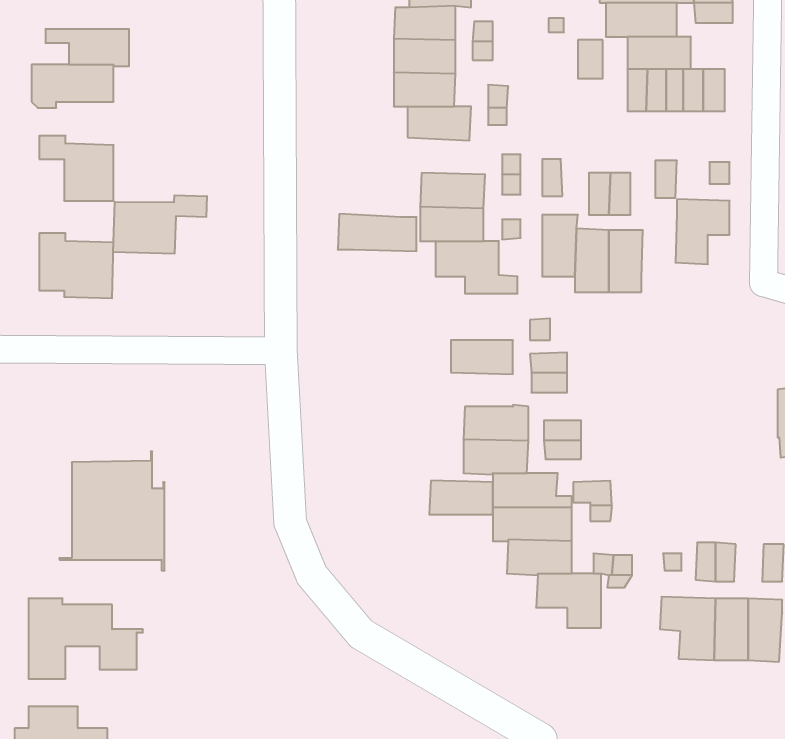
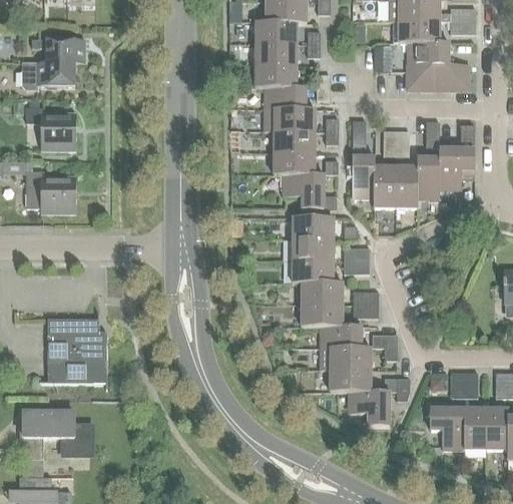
building: [113,195,207,254] -> none
building: none -> [416,157,439,199]
building: [338,214,417,251] -> [264,108,315,132]
building: none -> [293,217,333,239]
building: [429,481,493,515] -> [292,261,333,283]

